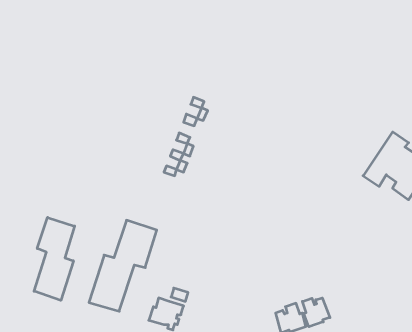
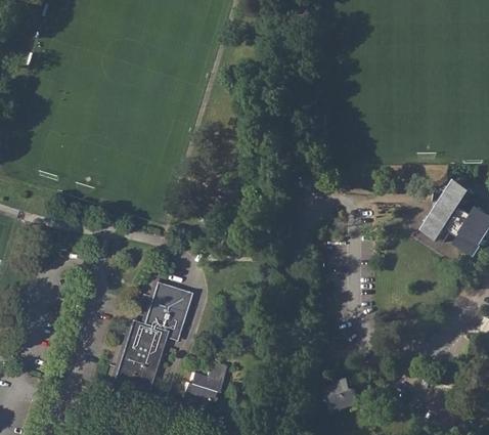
building: [34,217,75,300] -> none
building: [302,298,330,327] -> none

